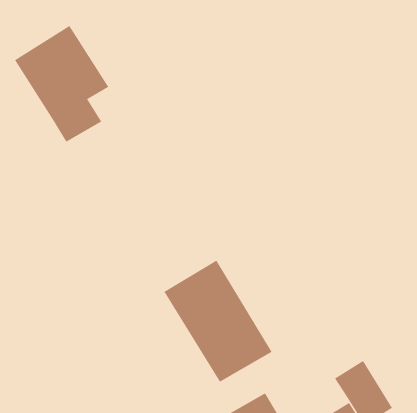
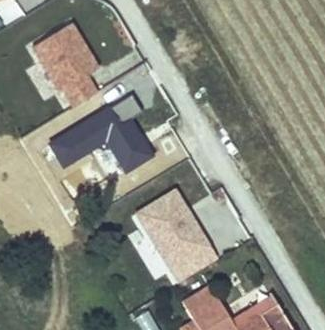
building: none -> [49,92,153,175]

